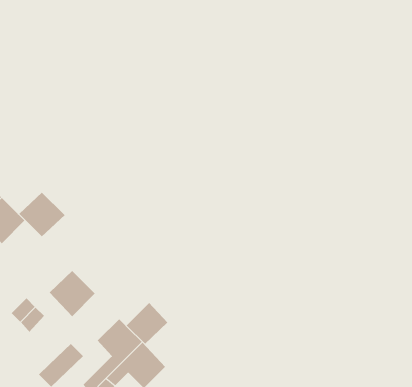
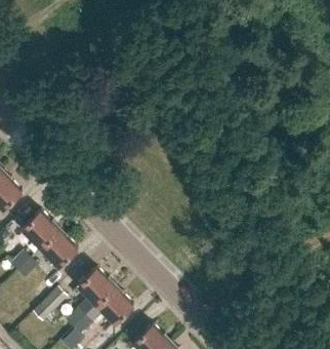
building: [18,192,65,237] -> [22,211,58,247]
building: [126,302,168,344] -> none

